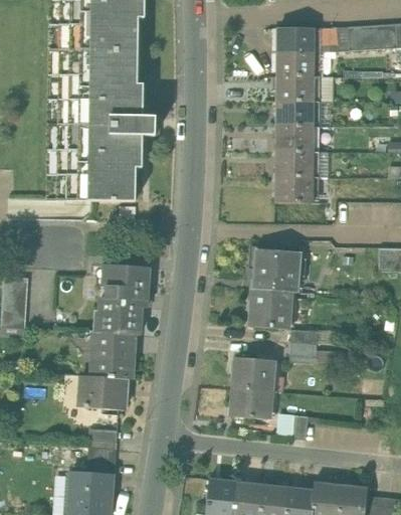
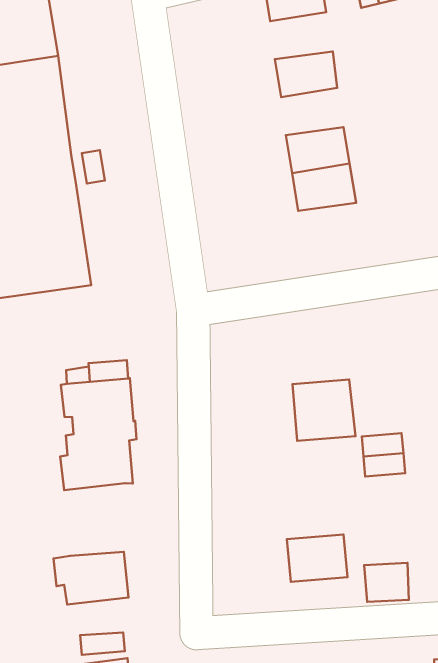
building: [277,51,325,77] -> none
building: [276,102,315,128] -> none
building: [276,177,315,203] -> none
building: [254,251,300,293] -> none
building: [92,333,136,379] -> none
building: [234,358,274,391] -> none

